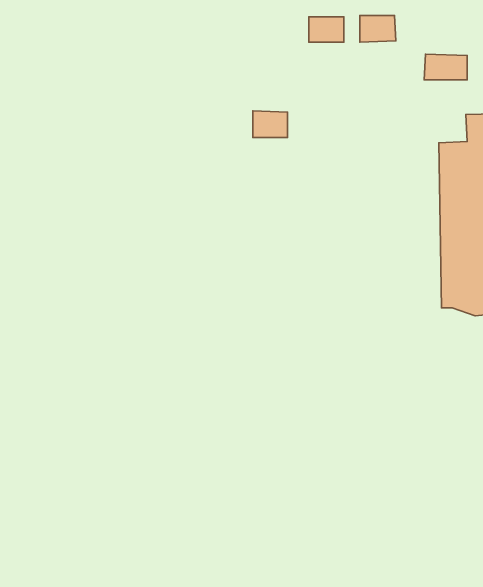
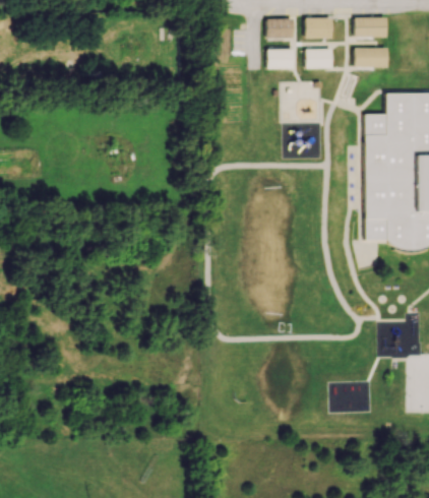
building: none -> [355,17,386,38]
building: none -> [305,49,332,69]
building: [253,111,288,138] -> [267,49,294,69]

